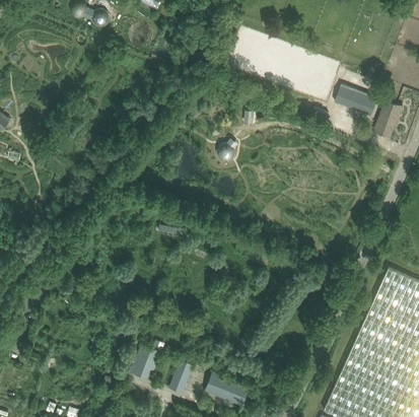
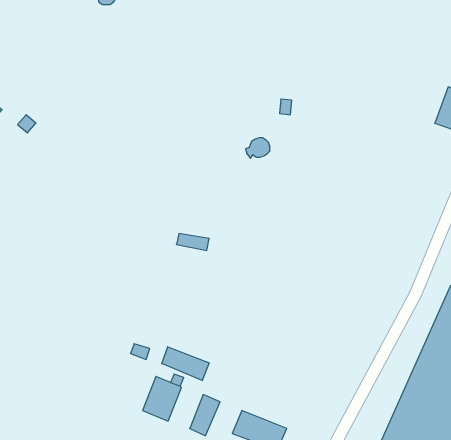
building: [341,84,376,117] -> none
building: none -> [162,347,209,381]

